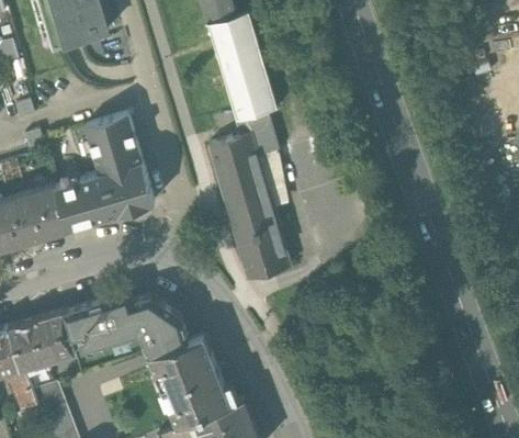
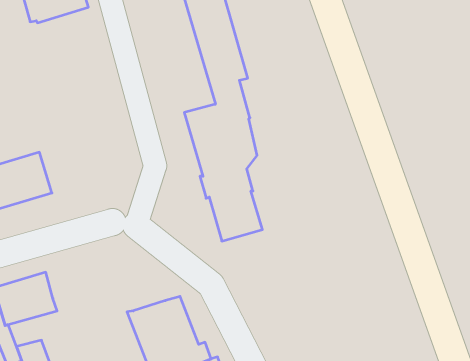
building: [56,115,155,231] -> none
building: [63,295,189,355] -> none

